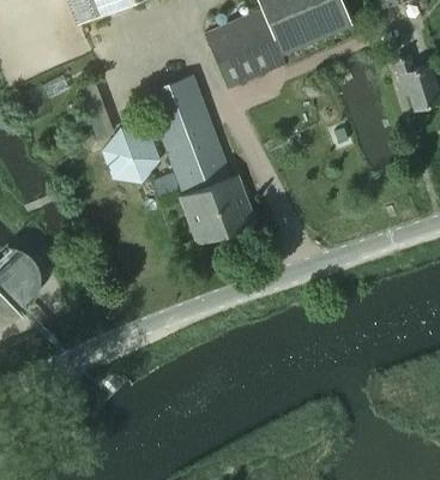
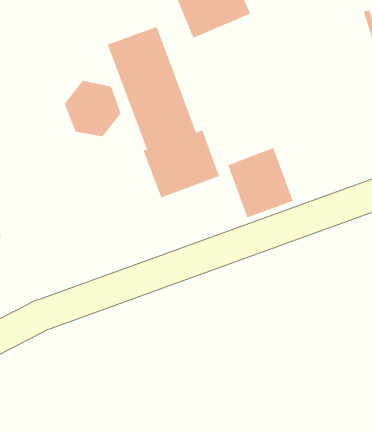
building: none -> [227,147,294,218]

